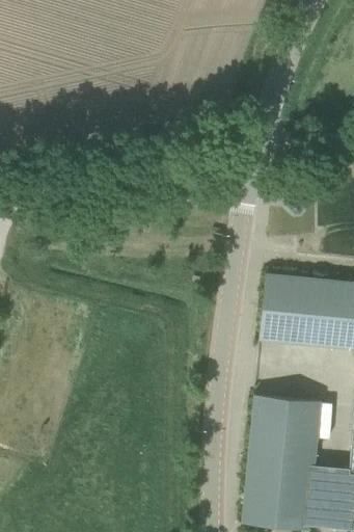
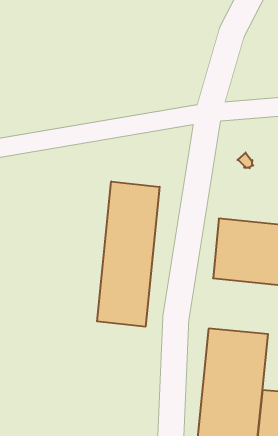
building: none -> [97,181,160,327]

